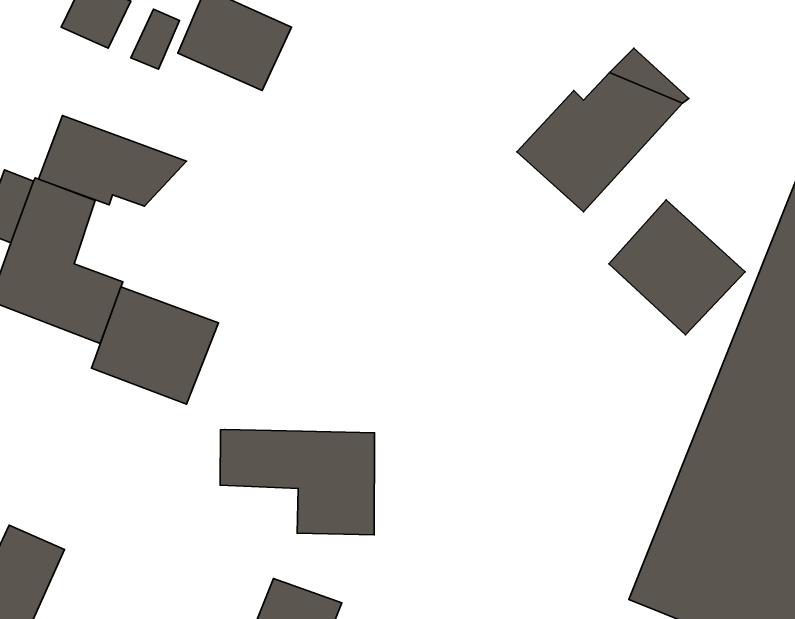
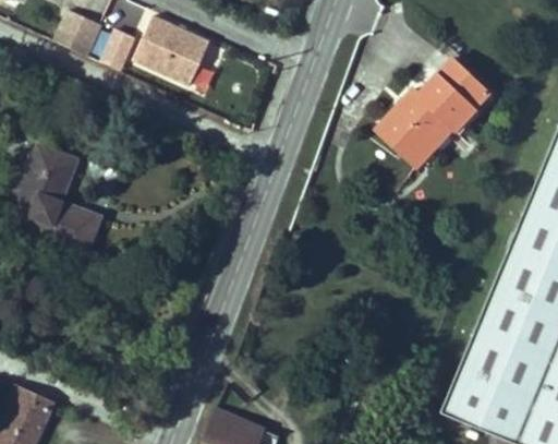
building: [39,115,186,206] -> none
building: [609,200,745,335] -> none
building: [92,287,219,404] -> none
building: [220,429,375,535] -> none

